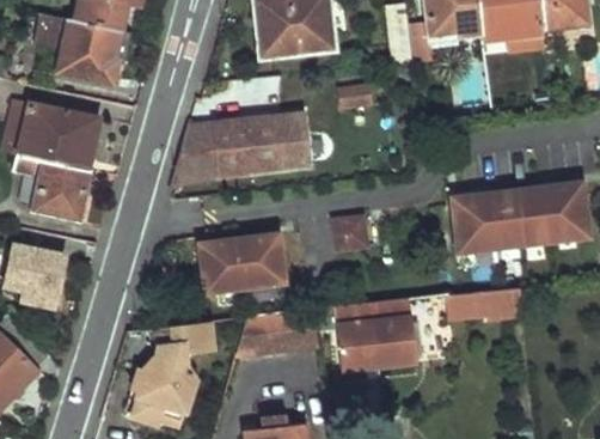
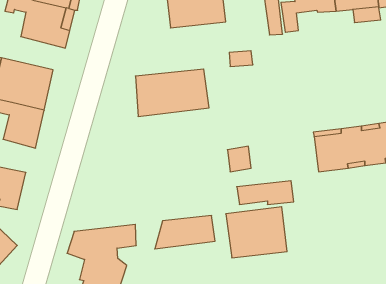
building: [170,122,215,183] -> none
building: [202,238,287,295] -> none
building: [447,287,525,319] -> [237,181,294,204]

